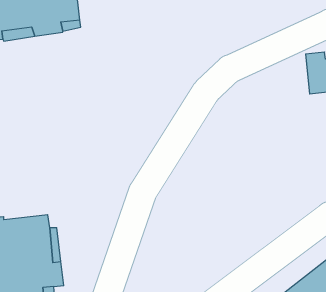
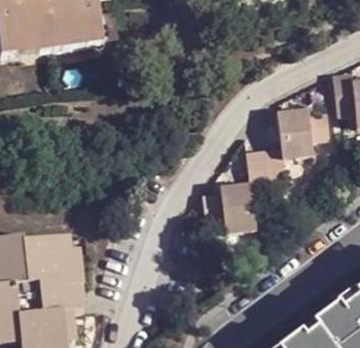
building: none -> [206,103,333,230]

